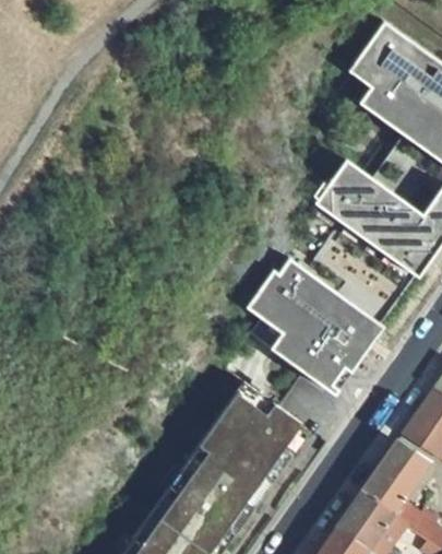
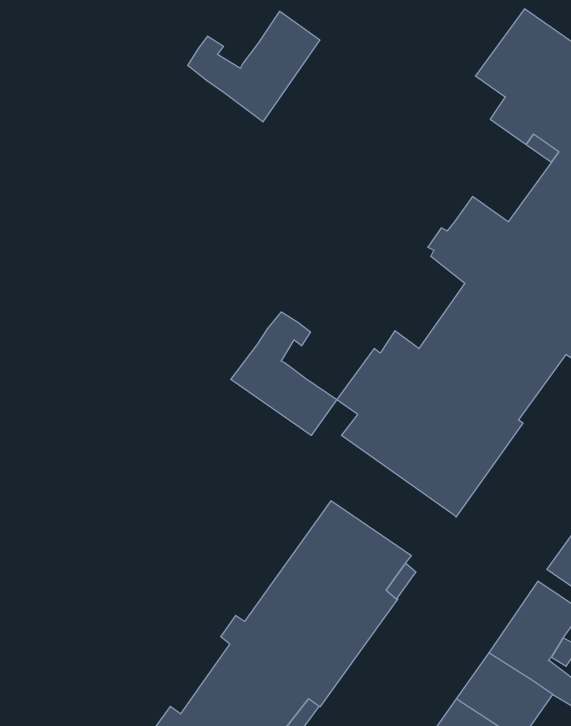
building: none -> [188,11,320,122]
building: none -> [231,312,337,435]

